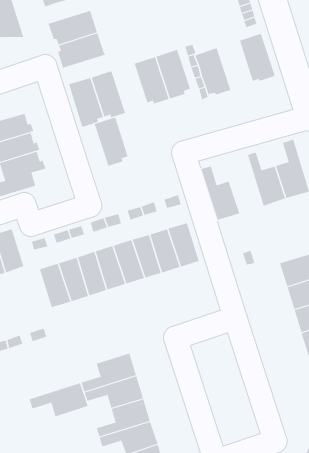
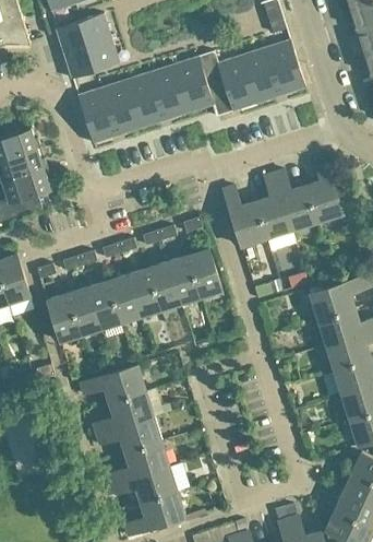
building: none -> [241,48,279,103]
building: [94,117,129,166] -> [125,73,164,128]
building: none -> [254,174,291,238]
building: [29,382,89,417] -> [80,365,145,403]

